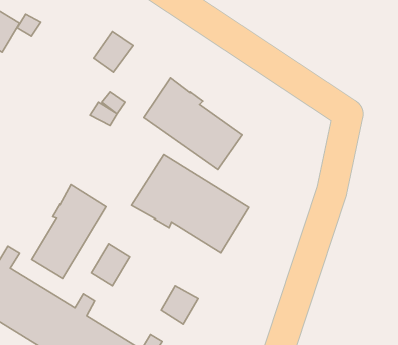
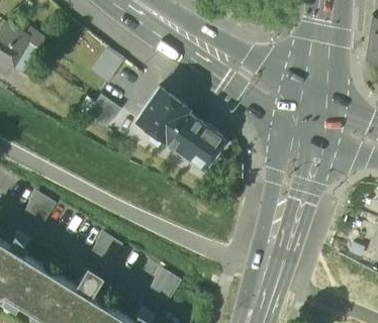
building: [131,155,249,253] -> none
building: [31,185,106,278] -> none

